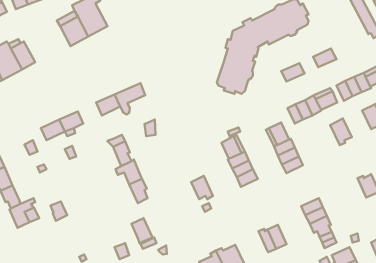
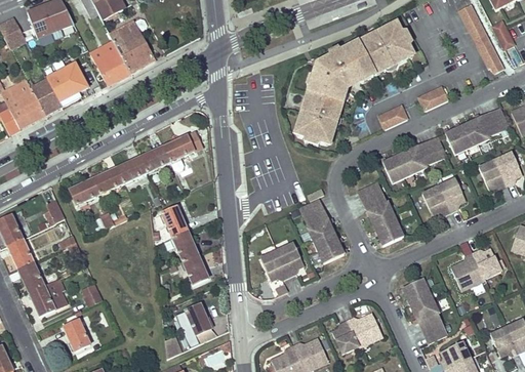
building: none -> [38,55,87,105]
building: none -> [116,156,147,182]
building: none -> [421,184,450,215]
building: none -> [277,242,302,275]
building: none -> [451,252,485,290]
building: none -> [64,320,90,350]
building: none -> [331,320,358,354]

